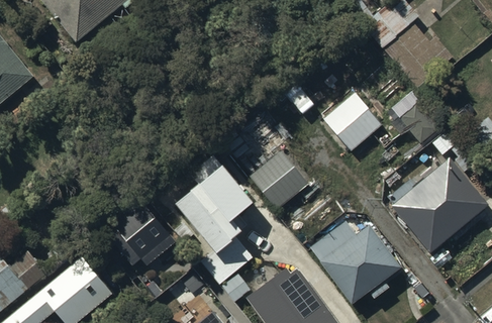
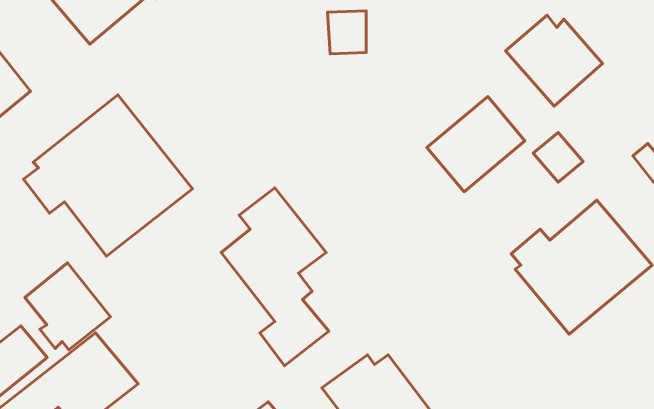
building: none -> [23,95,192,256]
building: [248,147,306,206] -> none
building: [113,203,176,266] -> [25,263,110,350]
building: [309,221,398,304] -> none

